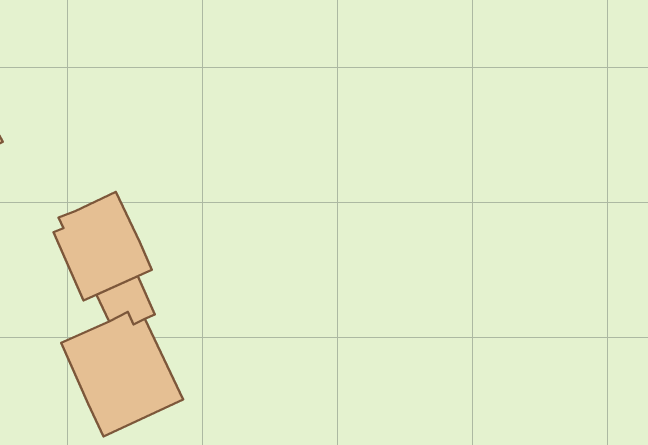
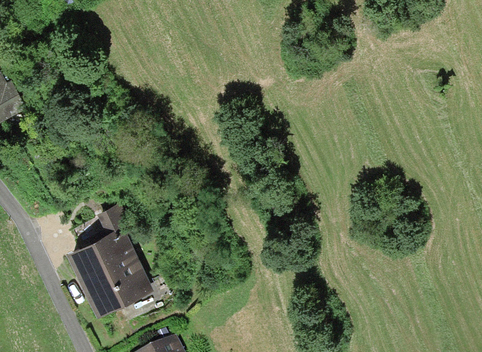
building: [53,192,152,301] -> none

